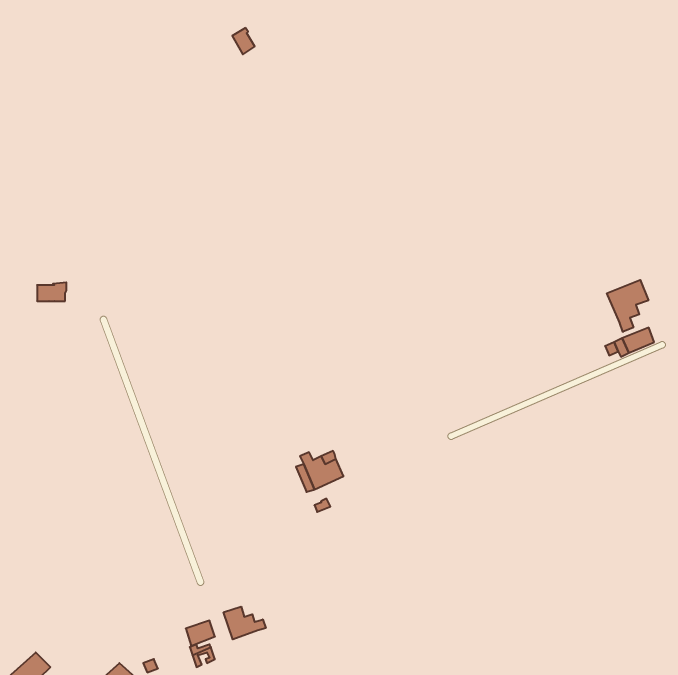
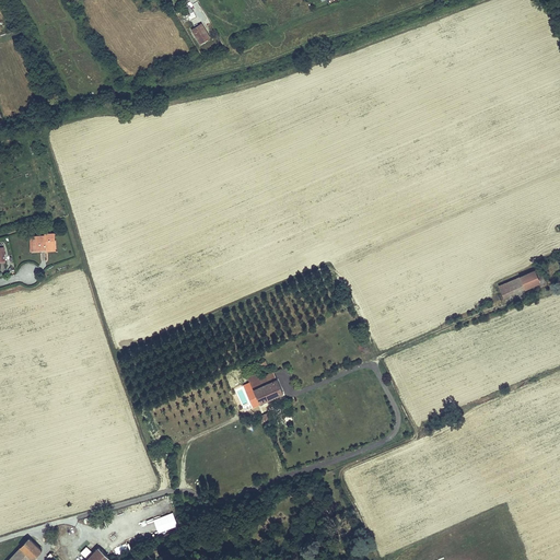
building: [607,280,648,332] -> none
building: [224,607,266,639] -> none

